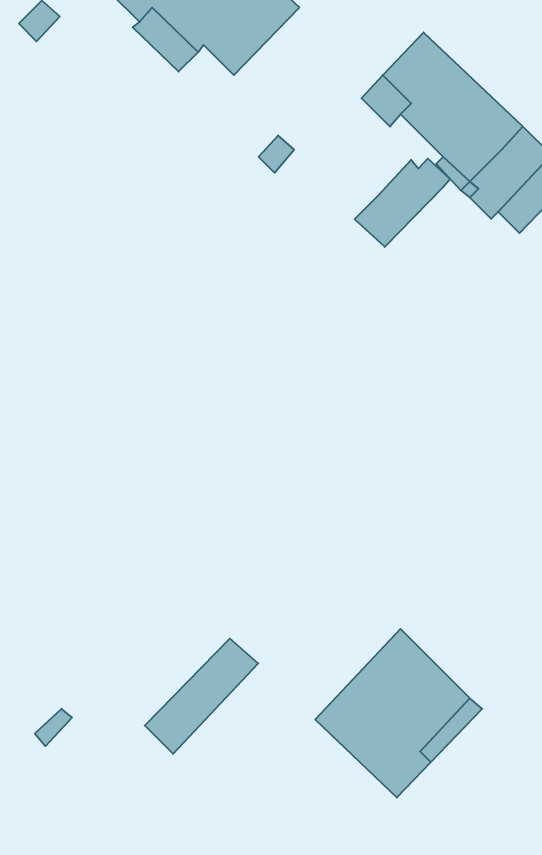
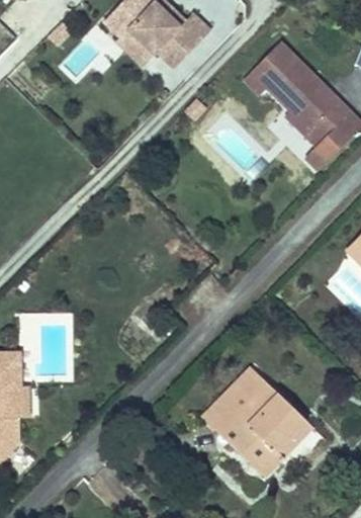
building: [355,159,450,247] -> none
building: [145,639,258,754] -> [200,367,265,433]

